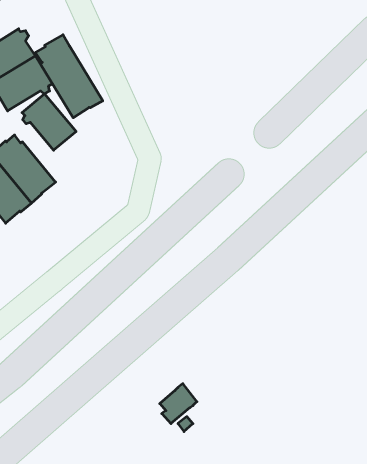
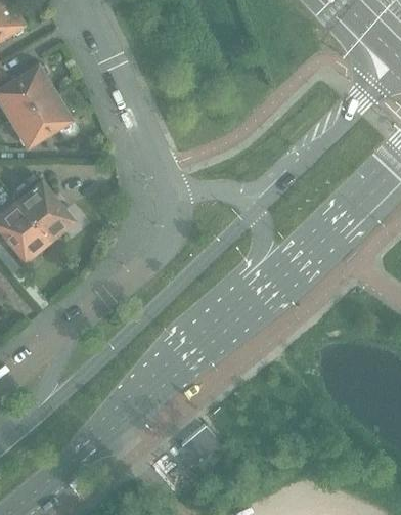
building: [36,35,103,118] -> none
building: [22,94,76,150] -> none

